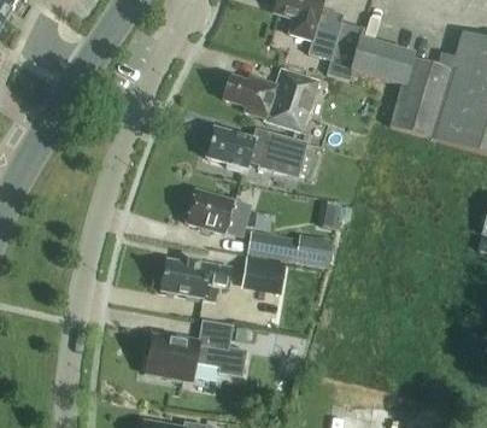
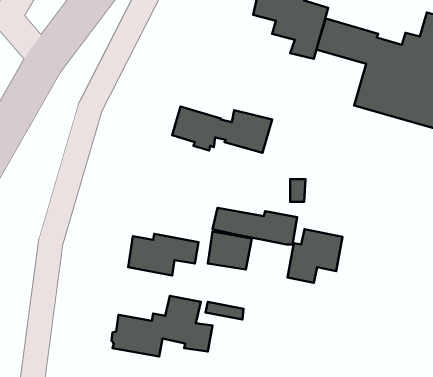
building: [223,68,318,131] -> none
building: [184,188,247,233] -> none
building: none -> [287,229,343,283]

